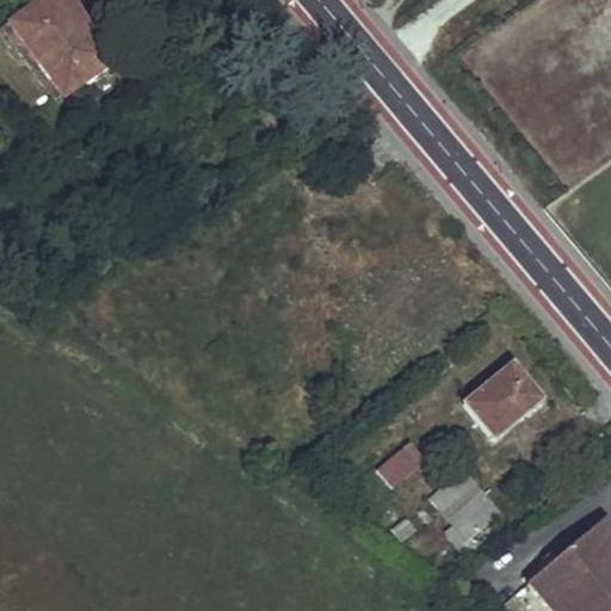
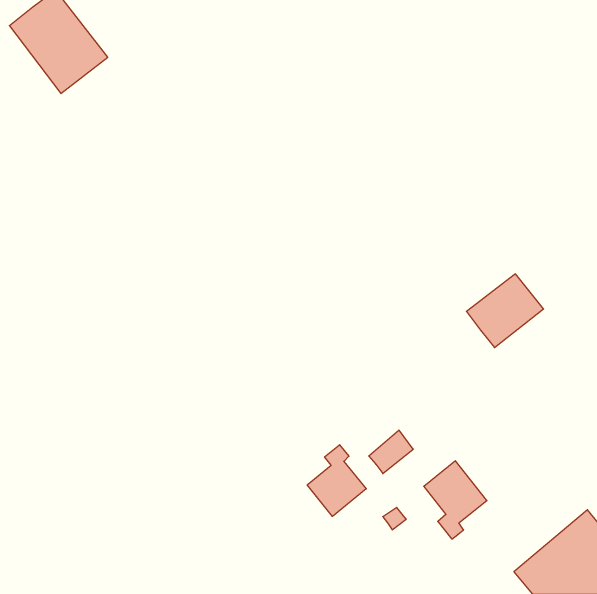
building: [463,362,542,437] -> [466,274,544,348]
building: none -> [307,445,366,516]

